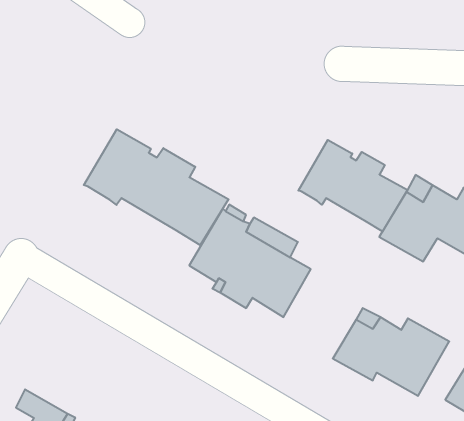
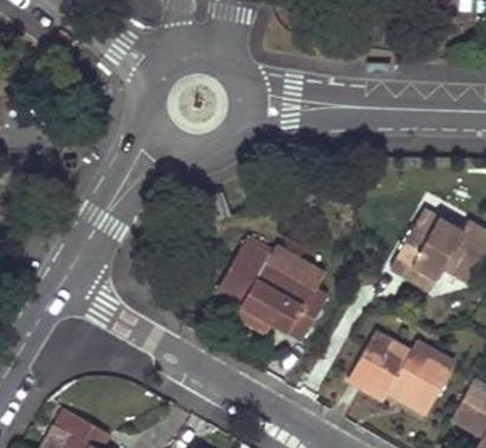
building: [84,129,229,245] -> none
building: [298,140,408,231] -> none

